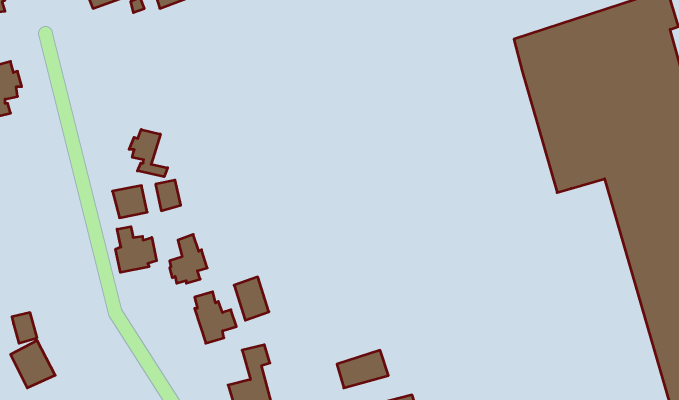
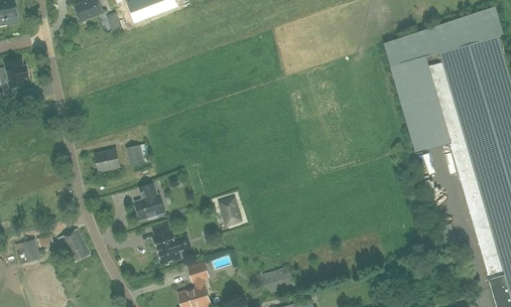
building: [129,129,168,177] -> none
building: [116,227,157,272] -> none
building: [234,277,269,320] -> [218,195,243,226]
building: [11,340,55,388] -> [58,228,91,263]

